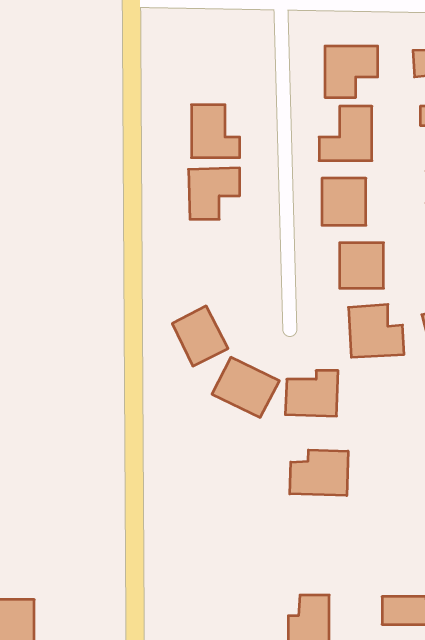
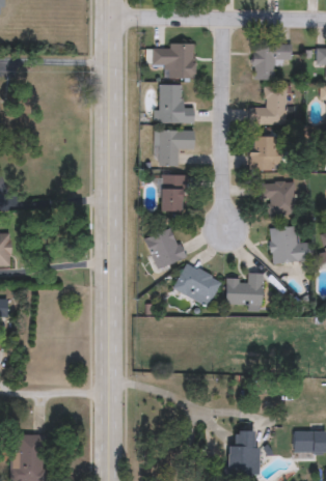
building: none -> [152,44,194,78]
building: none -> [160,175,184,213]
building: [290,450,348,496] -> none

